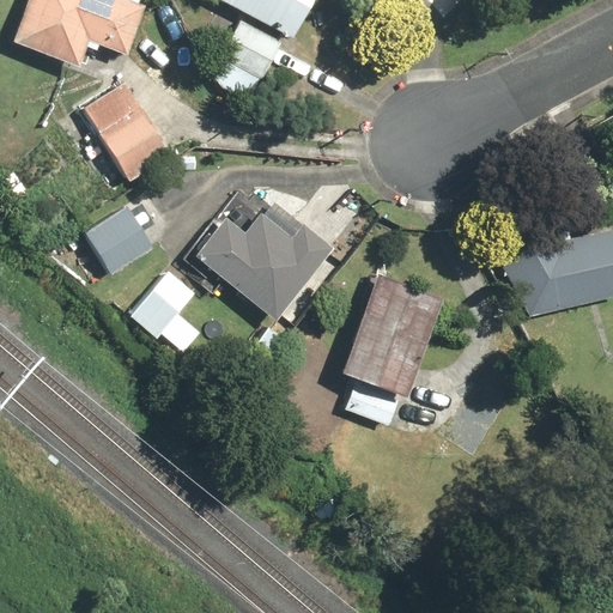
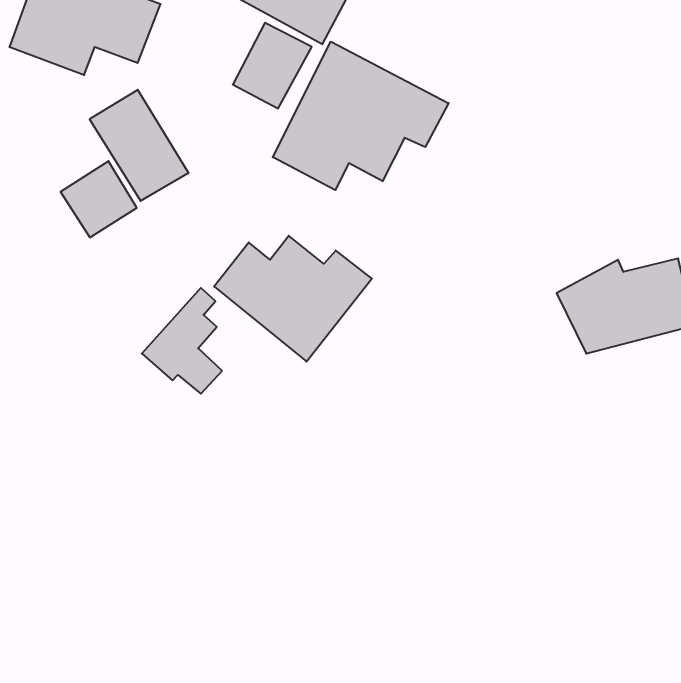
building: none -> [273,42,449,190]
building: [84,205,152,273] -> [60,161,137,237]
building: [338,271,443,426] -> none

